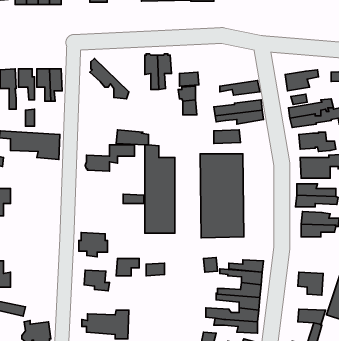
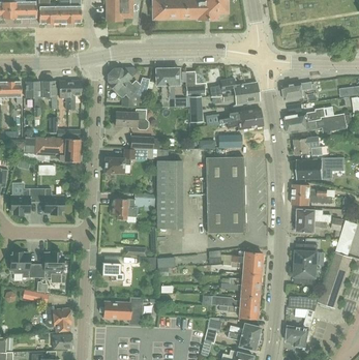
building: none -> [111,67,148,101]
building: none -> [211,78,258,97]
building: none -> [115,110,149,129]
building: none -> [38,189,63,214]
building: [79,233,108,257] -> [111,199,137,220]
building: none -> [295,244,318,265]
building: none -> [38,252,62,278]

